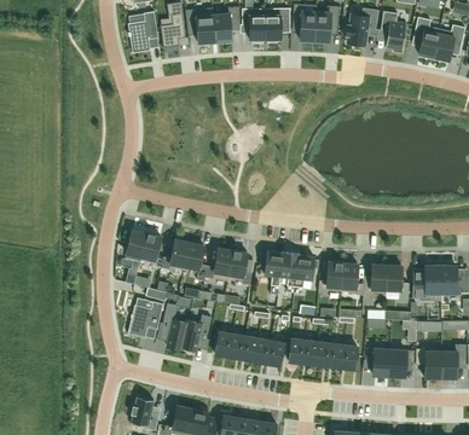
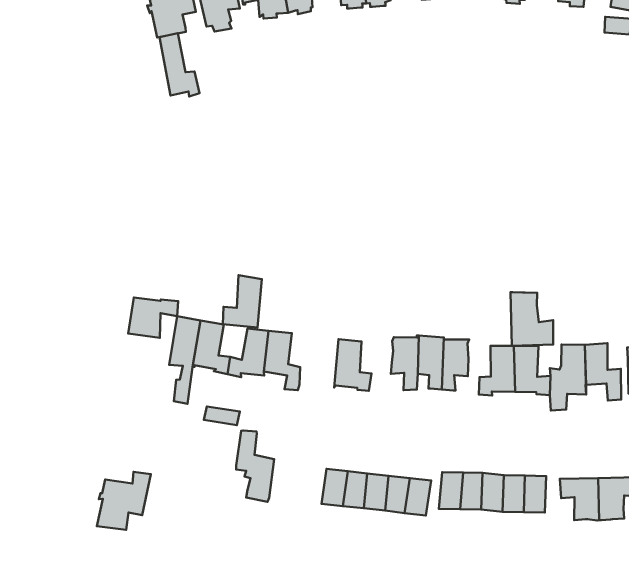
building: none -> [160,33,200,96]
building: none -> [128,298,178,338]
building: none -> [510,292,553,346]
building: [207,246,233,280] -> [223,275,262,328]
building: [128,301,164,337] -> [97,472,151,530]
building: [183,315,212,349] -> none

